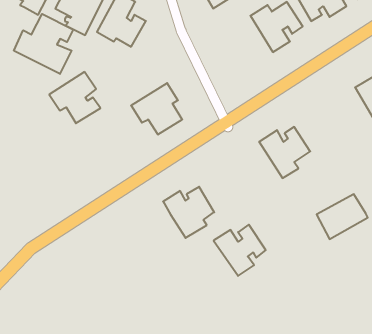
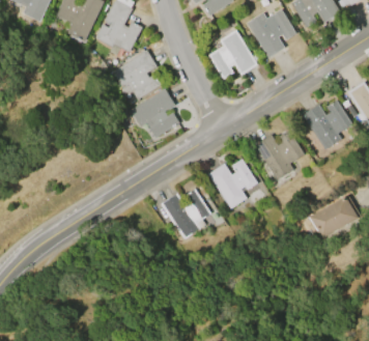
building: [14,14,73,74] -> none
building: none -> [207,30,258,79]
building: [49,72,100,123] -> [112,50,162,100]
building: none -> [303,101,351,150]
building: [214,225,266,276] -> [207,158,258,207]

